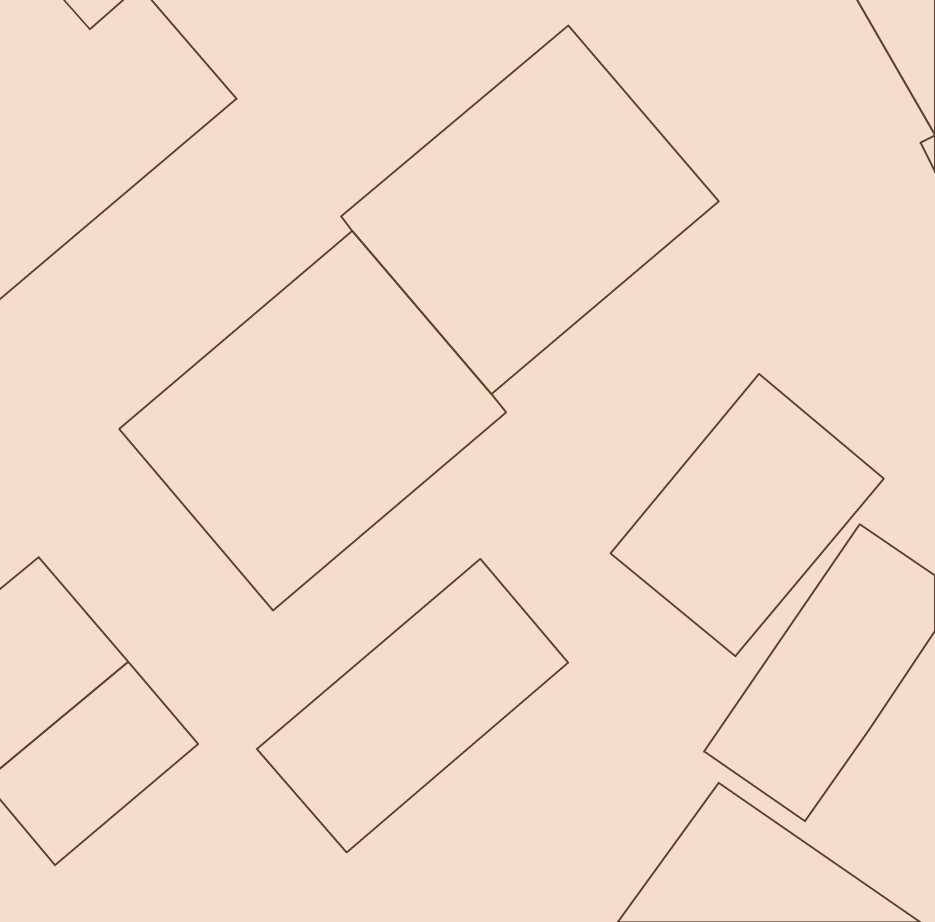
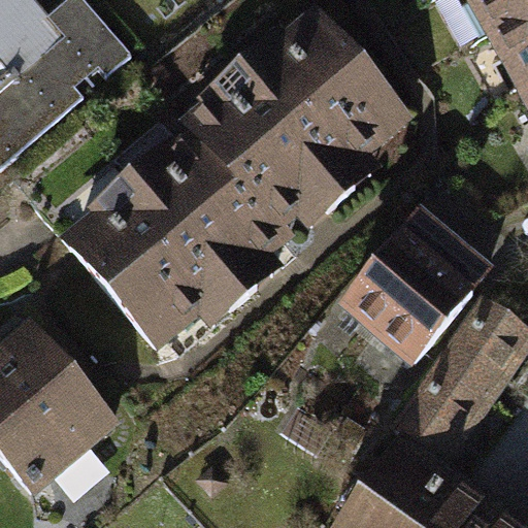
building: [257,559,568,852] -> none

